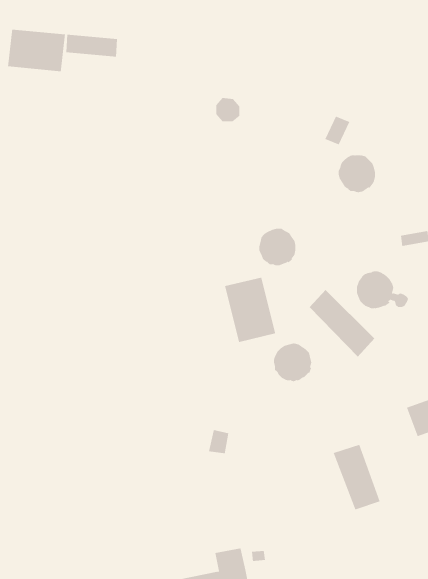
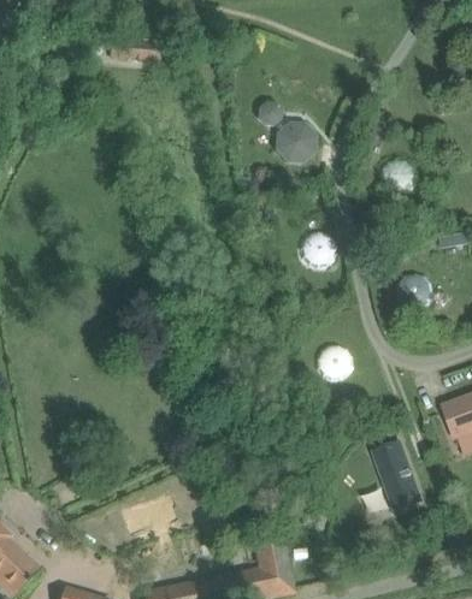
building: [8,29,65,72] -> none
building: none -> [276,121,318,164]
building: [225,277,276,343] -> none
building: [309,289,375,357] -> none

